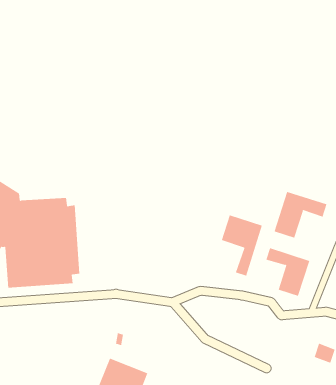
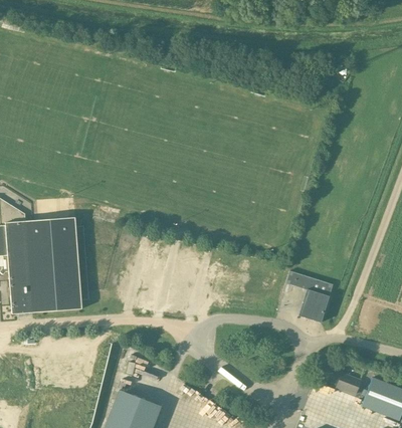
building: [274,191,327,238] -> none
building: [221,214,263,276] -> none

